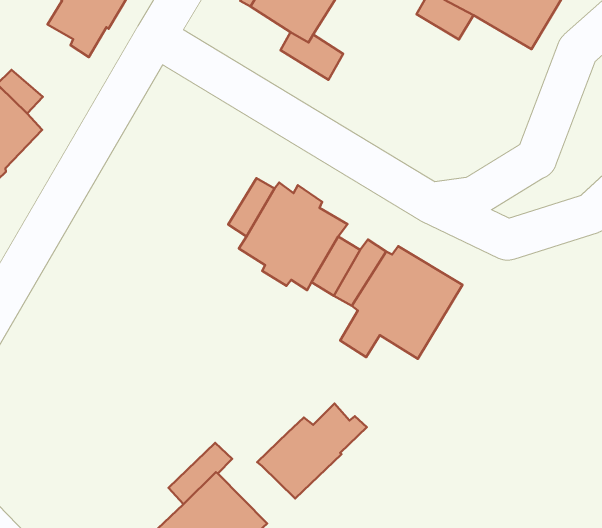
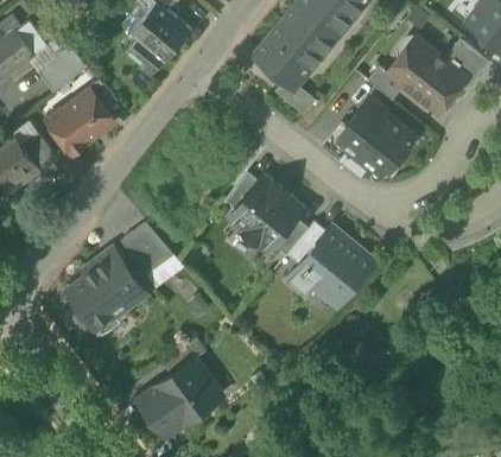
building: none -> [336,100,413,176]
building: none -> [121,222,175,274]
building: none -> [69,249,147,330]
building: [257,404,367,499] -> none

